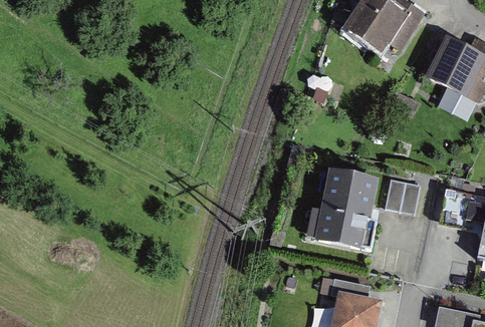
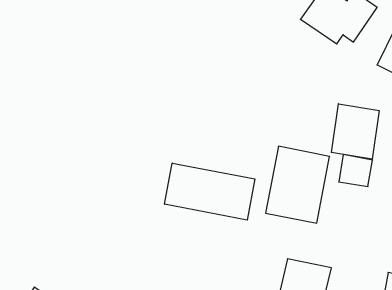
building: none -> [331,104,379,159]
building: none -> [165,163,255,220]

